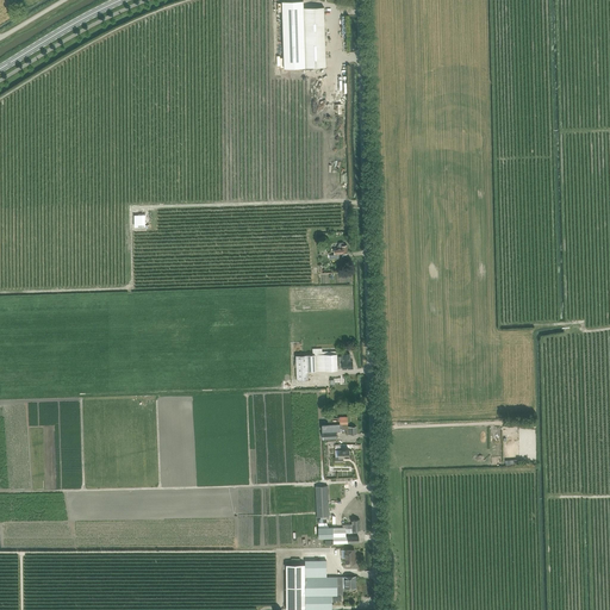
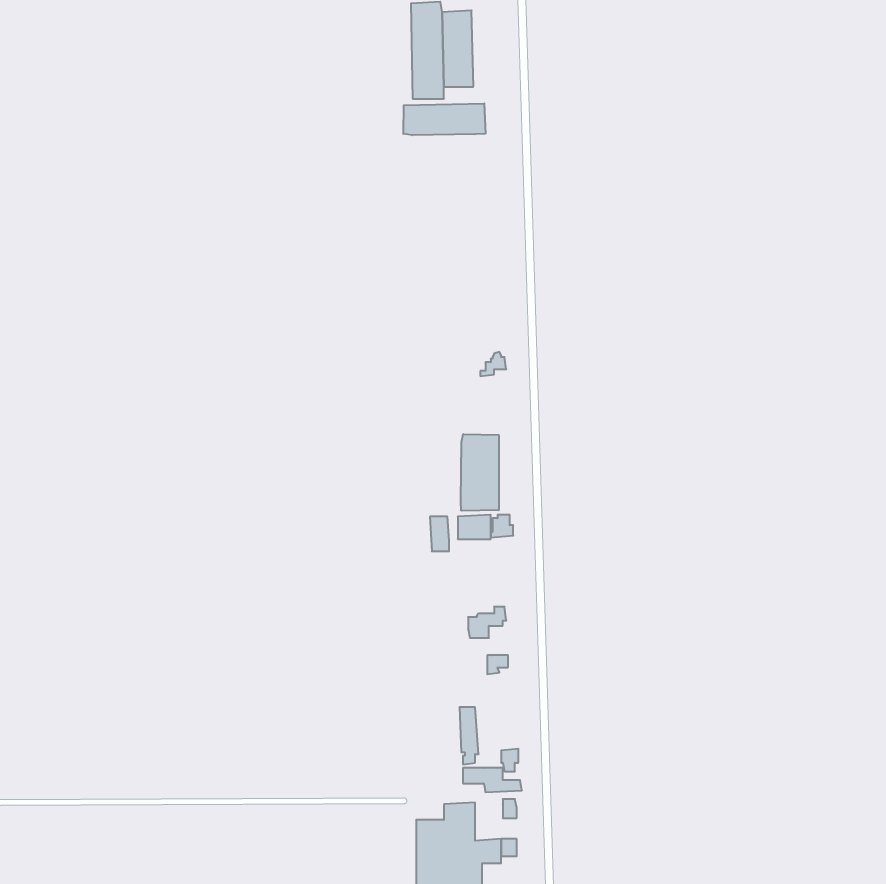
building: none -> [403,103,485,135]
building: none -> [461,434,499,511]

